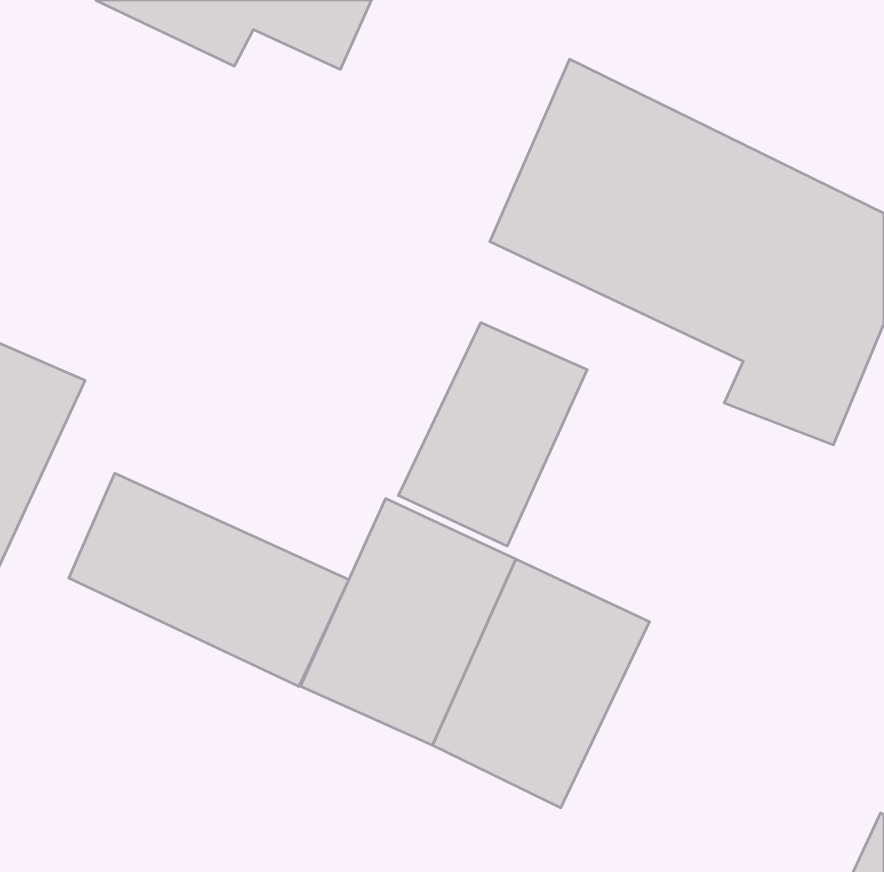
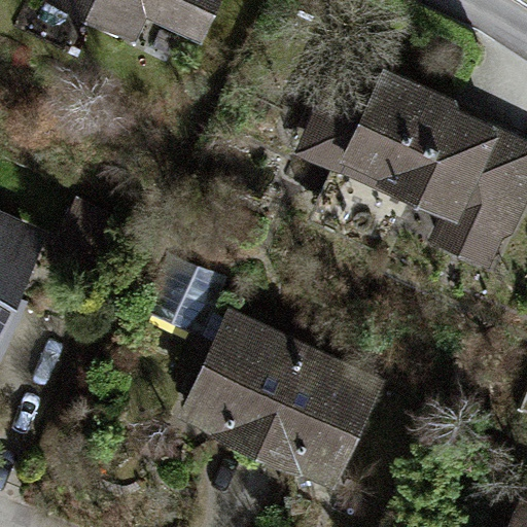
building: [398,323,587,546] -> none
building: [69,473,349,687] -> none

